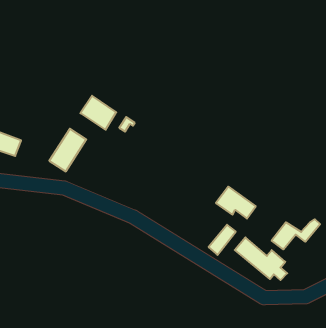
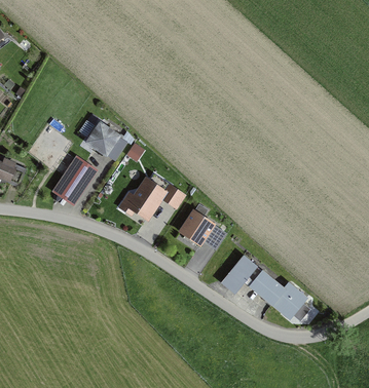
building: none -> [119,178,183,215]
building: [216,187,256,219] -> [181,211,223,245]
building: [272,219,320,249] -> none

